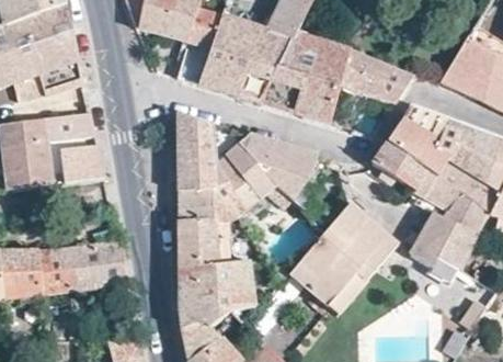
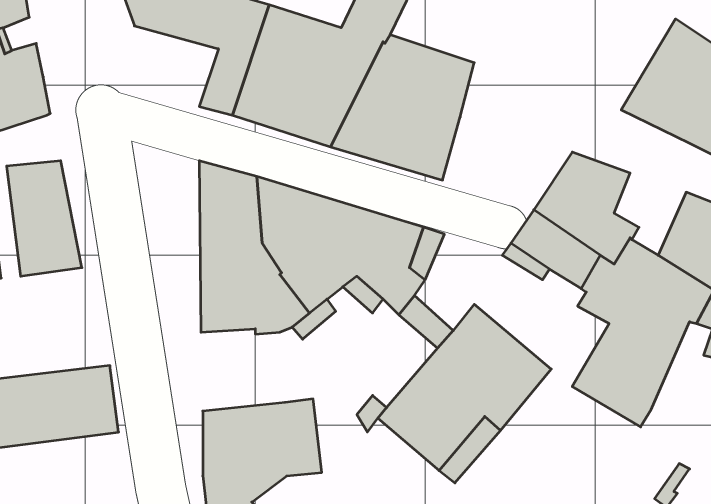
building: [341,50,414,103] -> none
building: [437,120,482,171] -> none
building: [179,217,231,269] -> none

